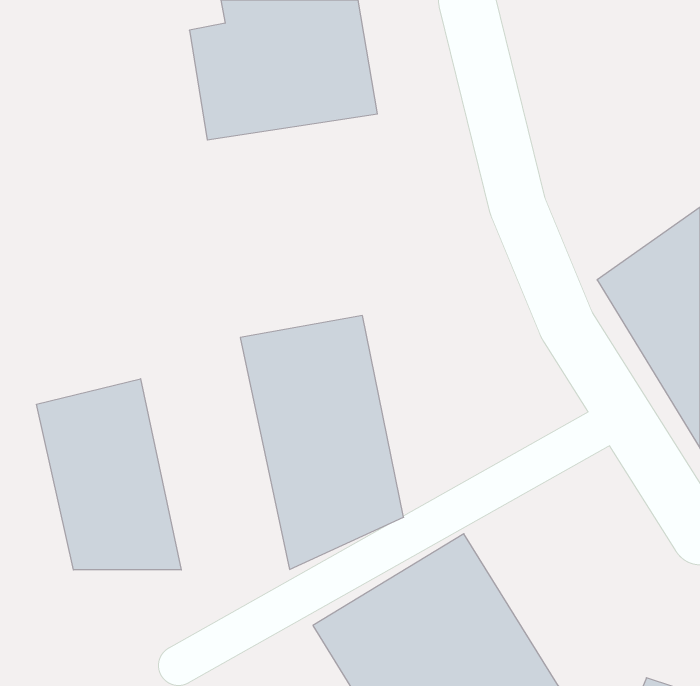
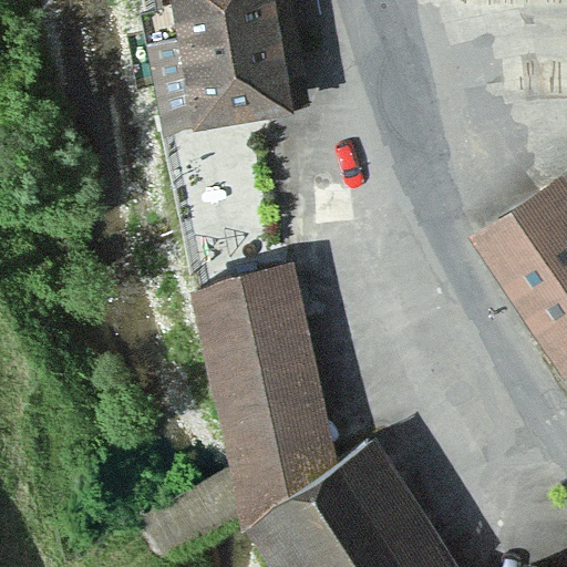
building: [37,379,181,570] -> none

